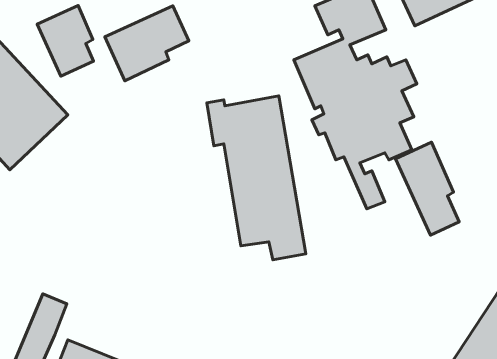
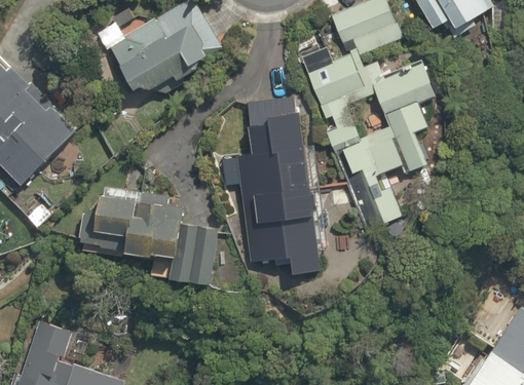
building: [37,5,93,76] -> none
building: [396,142,459,235] -> none
building: none -> [89,194,221,286]

